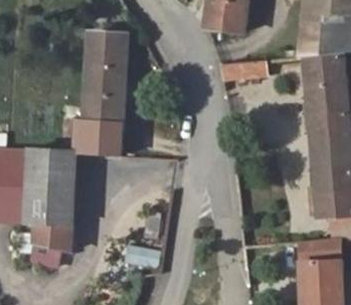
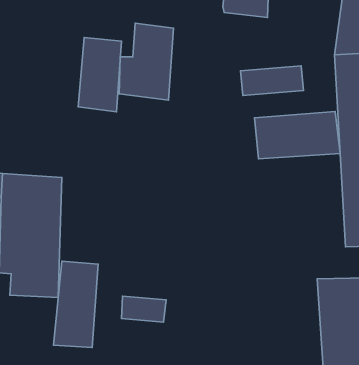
building: [79,95,124,157] -> [119,23,174,100]
building: none -> [255,111,340,159]
building: none -> [54,261,98,347]

